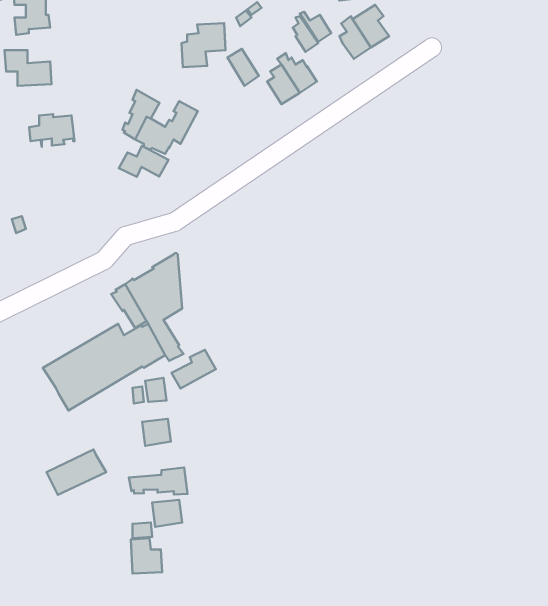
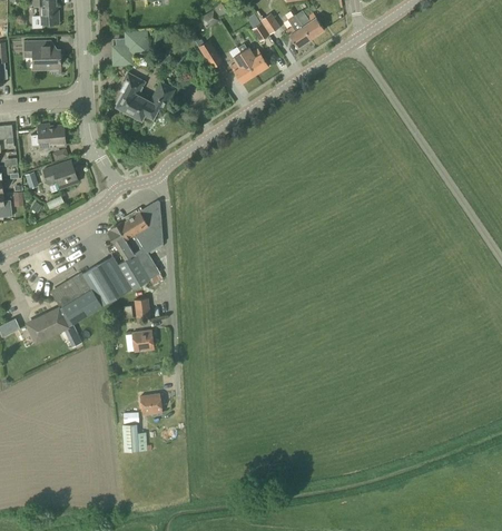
building: [182,23,226,67] -> [112,31,147,66]
building: [29,114,74,147] -> [30,125,66,150]
building: [119,146,169,177] -> none
building: none -> [42,163,78,189]
building: [171,350,216,388] -> none
building: [47,450,106,495] -> [27,306,73,342]
building: [129,468,188,494] -> none

